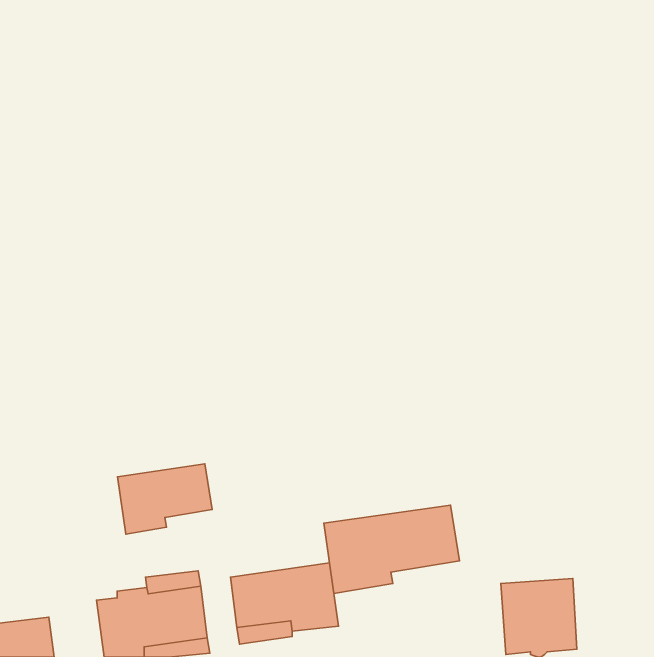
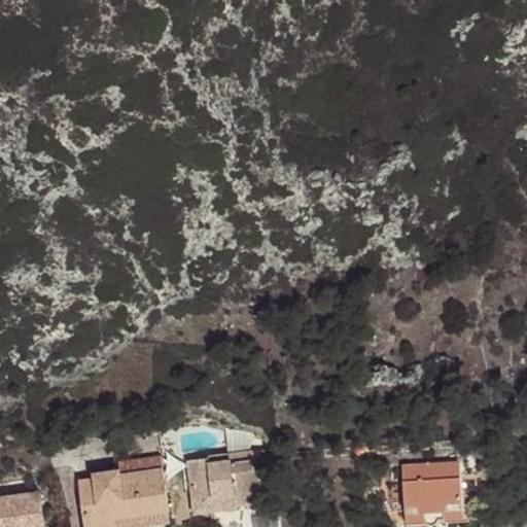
building: [117,464,212,534] -> none
building: [324,505,459,594] -> none

